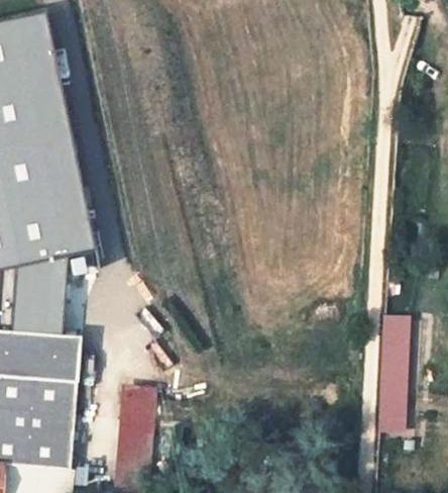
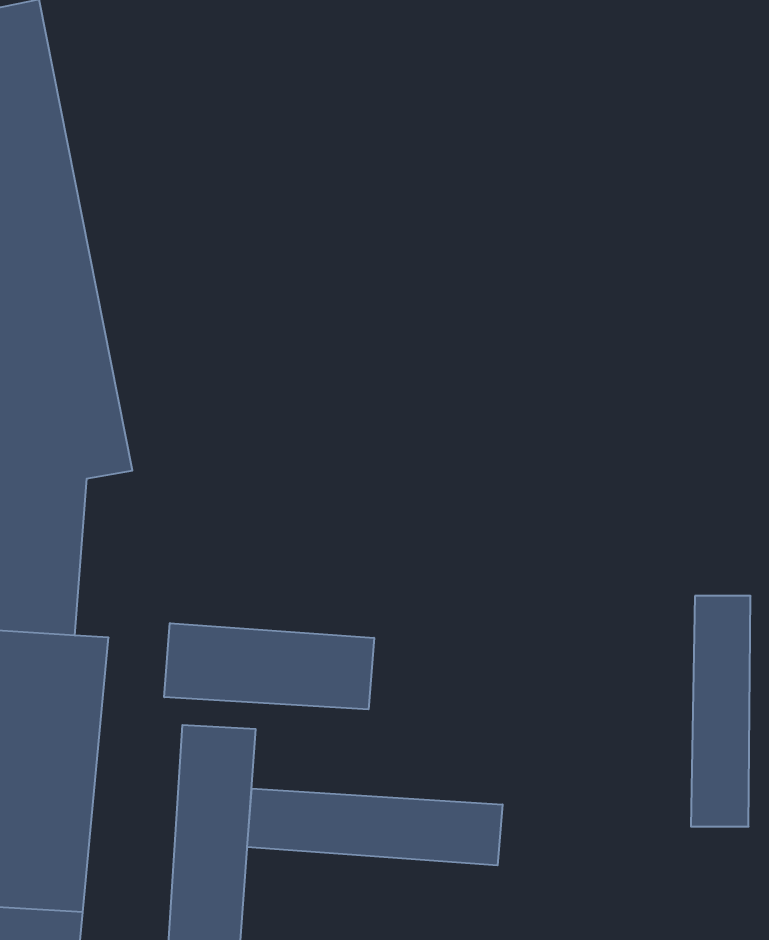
building: none -> [164,623,374,709]
building: none -> [247,788,503,865]

